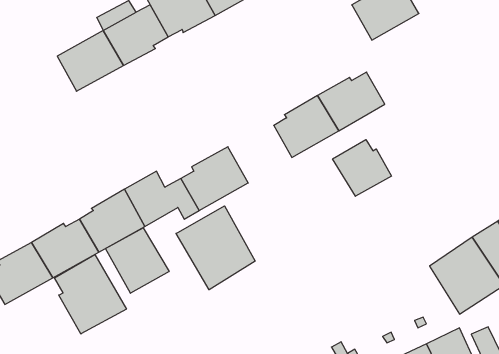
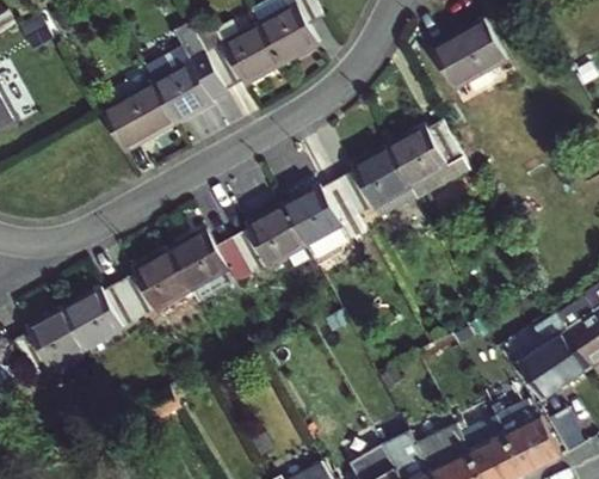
building: none -> [288,183,359,247]
building: [333,140,391,196] -> none
building: [176,206,255,290] -> none
building: [106,228,169,293] -> none
building: [55,255,126,334] -> none

